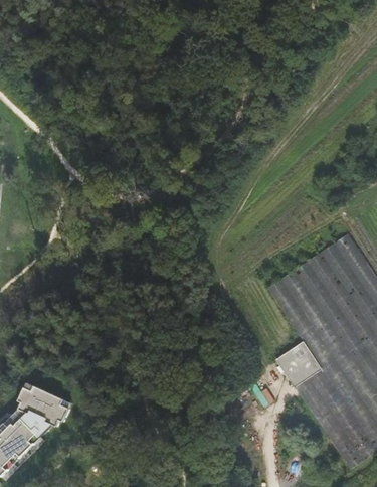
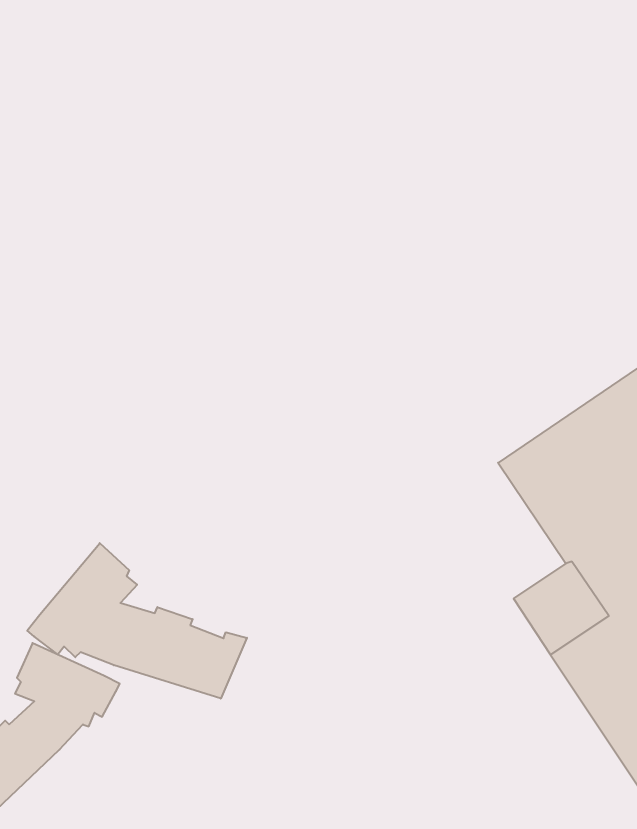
building: none -> [27,543,247,699]

